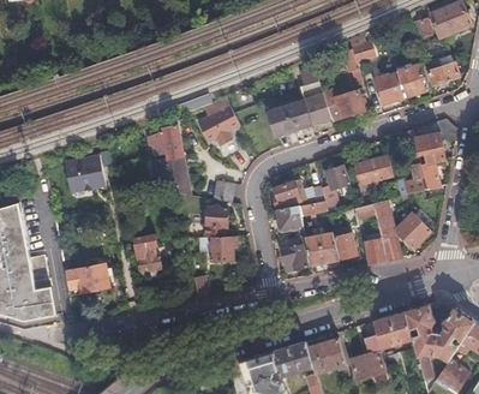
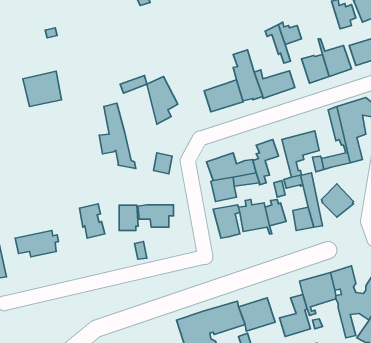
building: [61,155,103,193] -> [23,71,62,106]
building: [206,209,227,237] -> [119,205,138,231]

